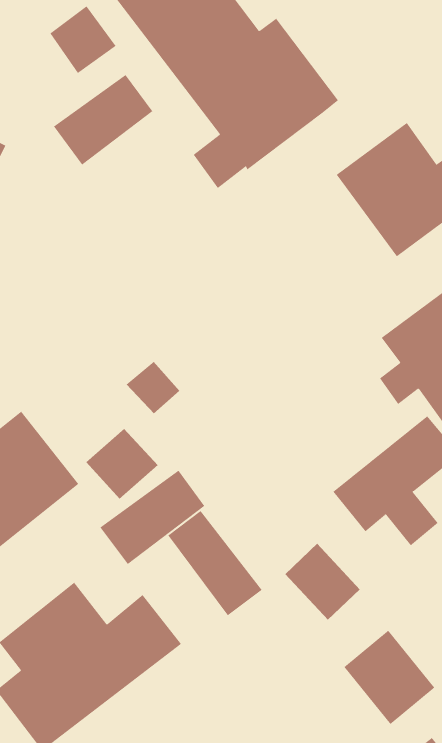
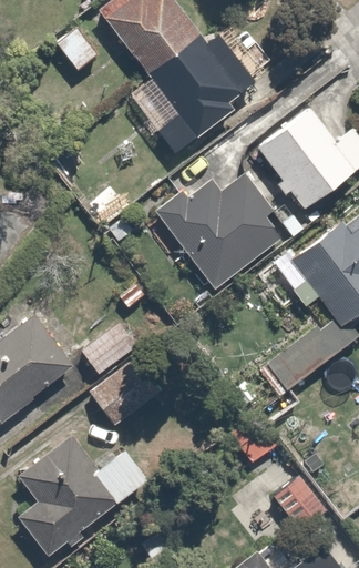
building: [53,74,153,166] -> none
building: none -> [150,173,287,291]
building: [168,510,262,616] -> none

